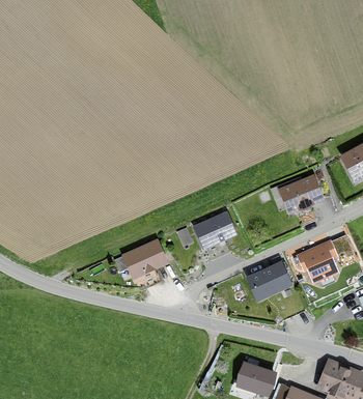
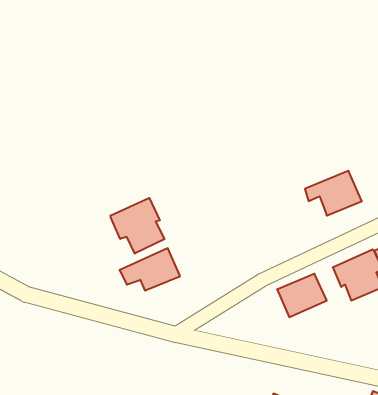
building: none -> [111,198,165,254]
building: [195,211,234,247] -> none

